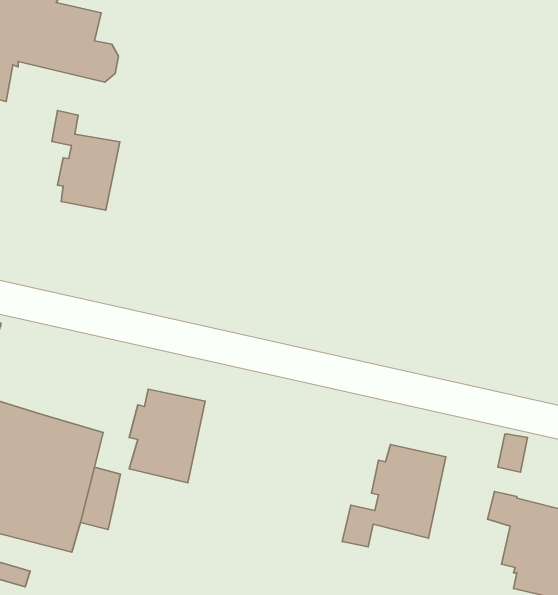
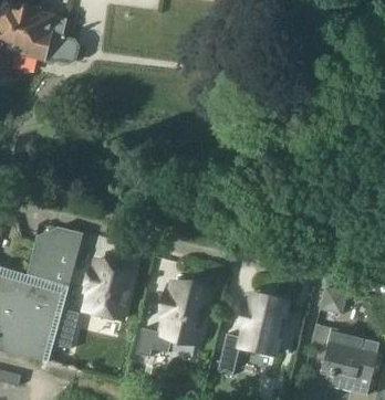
building: [52,111,120,210] -> none
building: none -> [27,227,81,285]
building: none -> [135,281,210,355]

